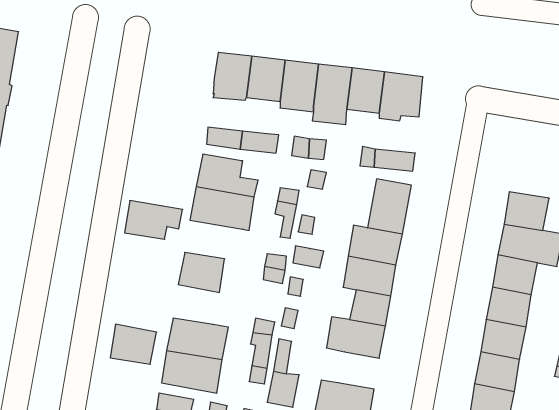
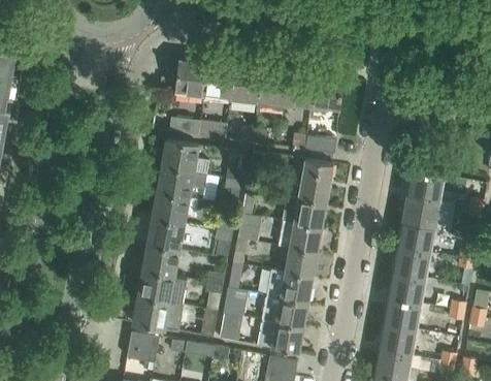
building: [125,201,183,239] -> [152,194,198,225]
building: [110,324,157,364] -> [142,246,179,278]
building: none -> [261,296,307,329]

